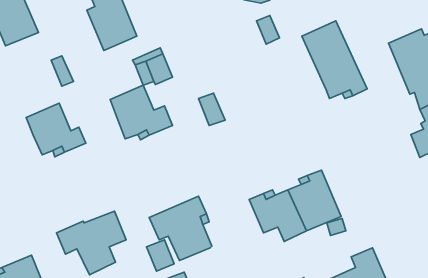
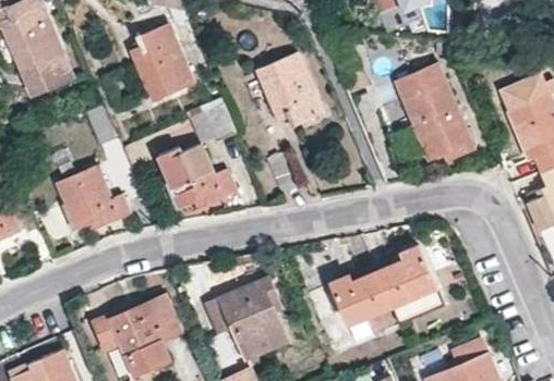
building: none -> [257,54,323,125]

